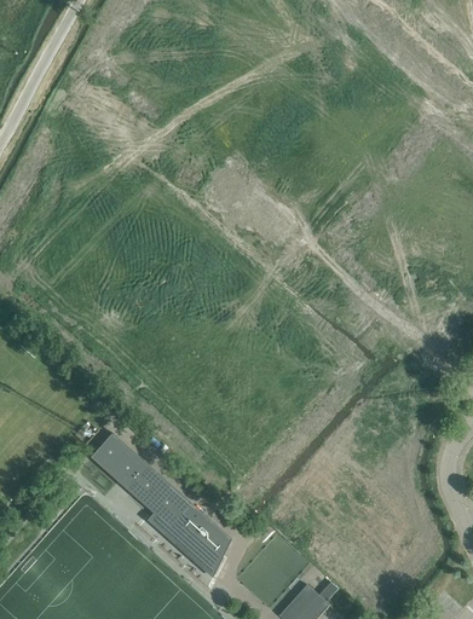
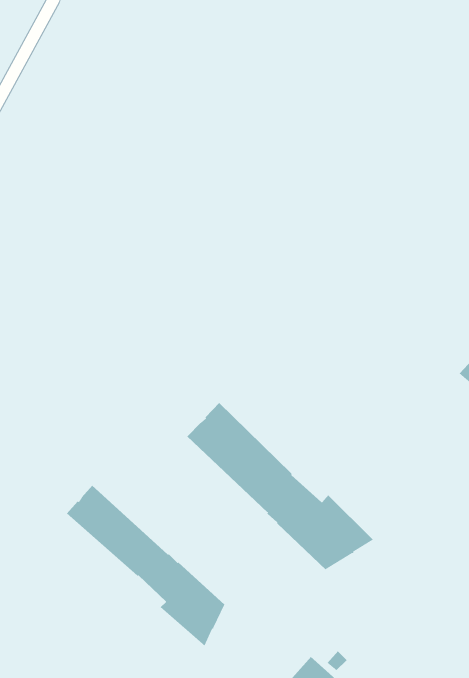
building: none -> [187,402,374,570]

